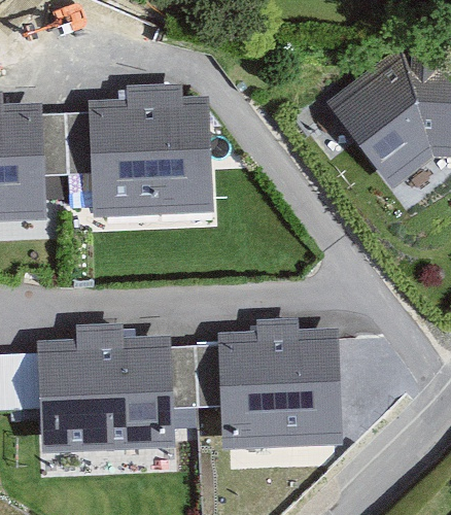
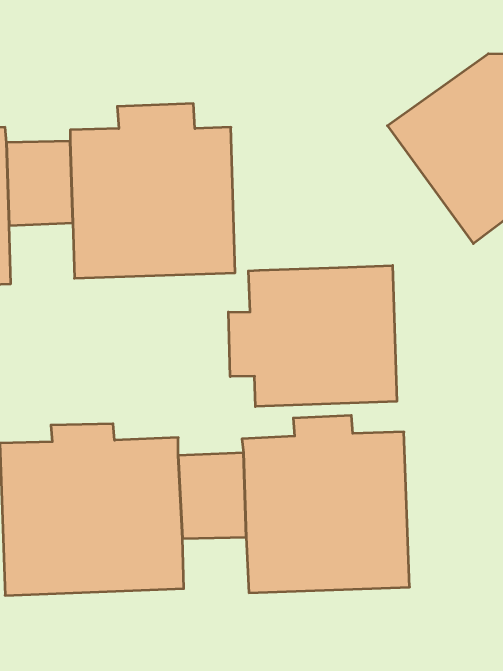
building: none -> [228,265,397,407]

